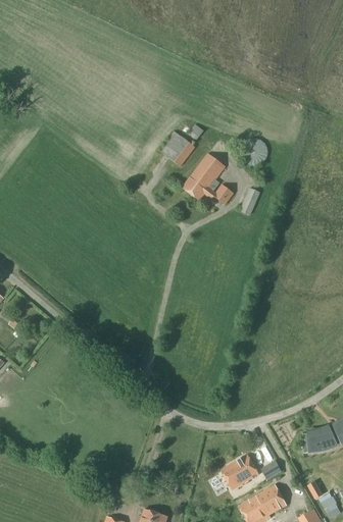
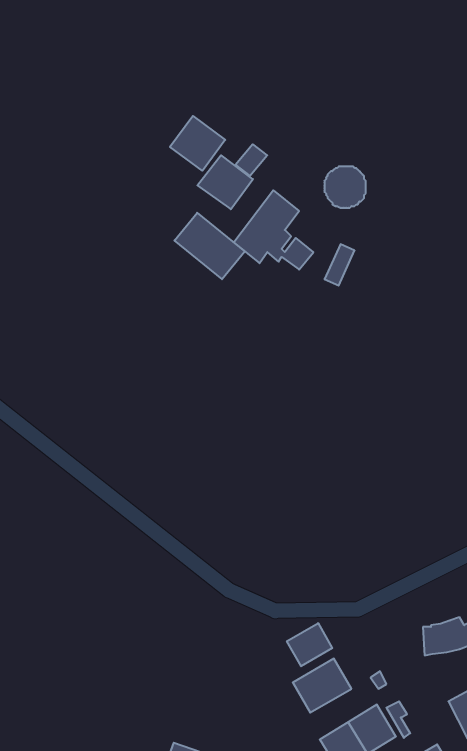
building: none -> [170,116,225,171]
building: none -> [174,213,245,279]
building: none -> [287,623,332,666]

